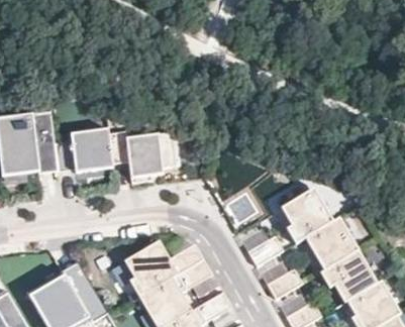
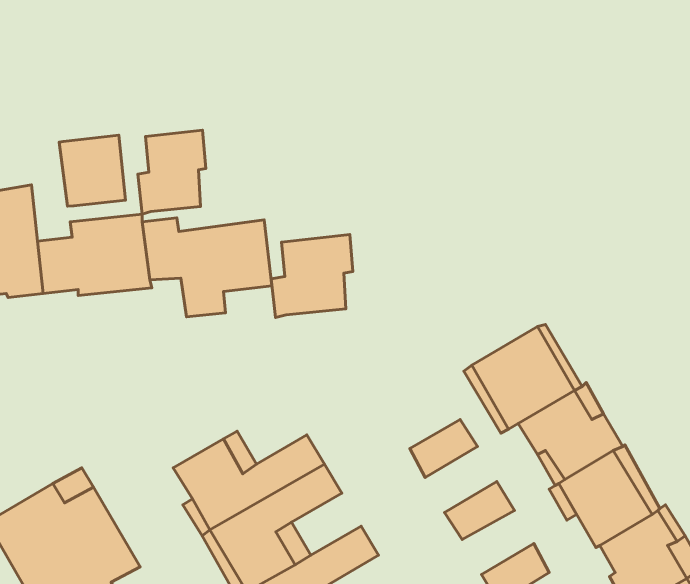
building: none -> [138,130,206,214]
building: none -> [59,135,126,206]
building: none -> [271,235,353,318]

